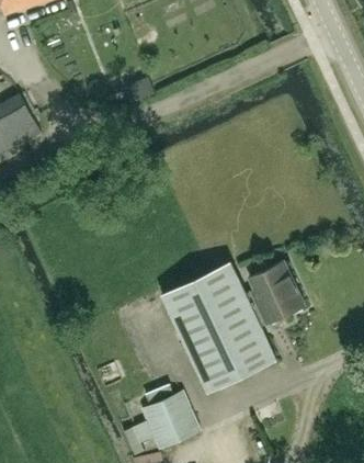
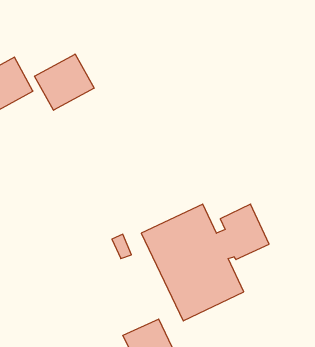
building: none -> [35,54,94,110]

